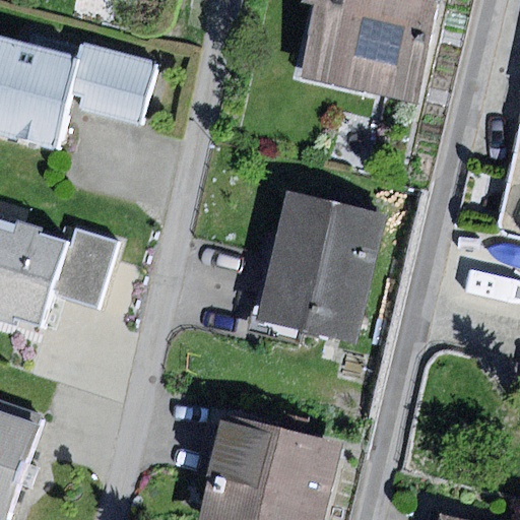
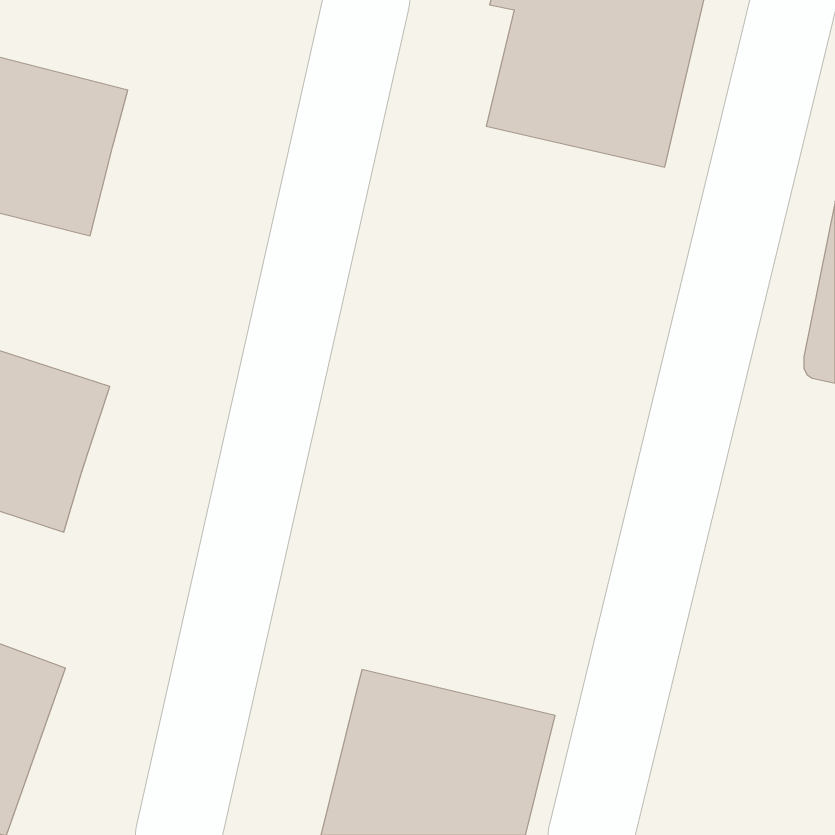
building: [70,44,154,125] -> none
building: [254,191,392,348] -> none
building: [51,228,118,308] -> none

